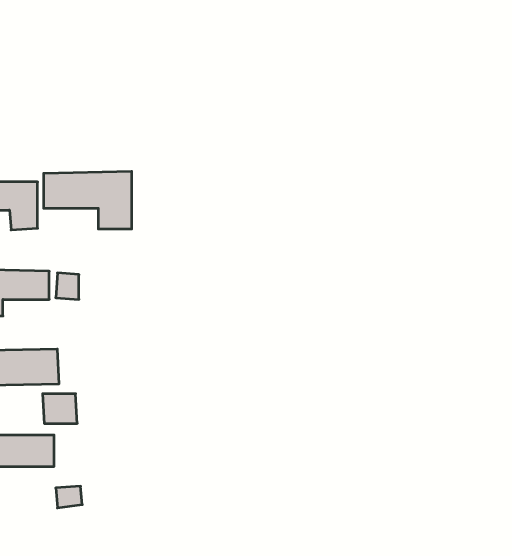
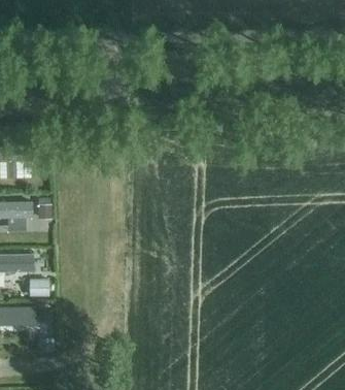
building: [44,171,132,229] -> none

